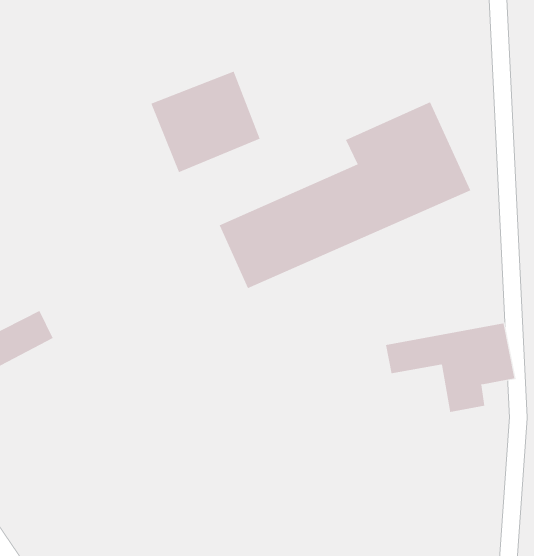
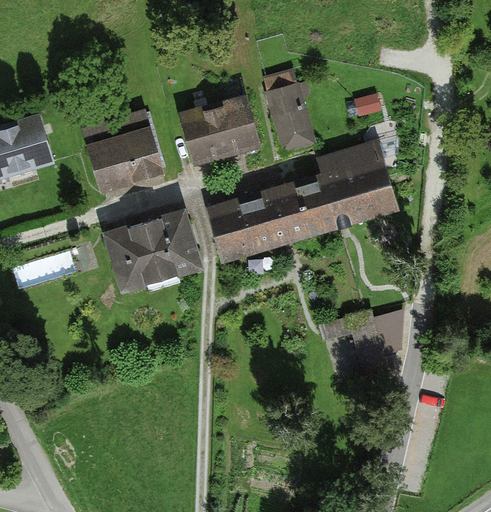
building: none -> [267,74,318,152]
building: none -> [86,112,158,188]
building: none -> [102,211,197,290]

